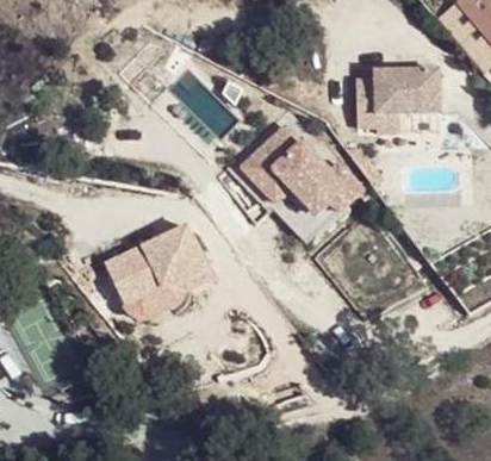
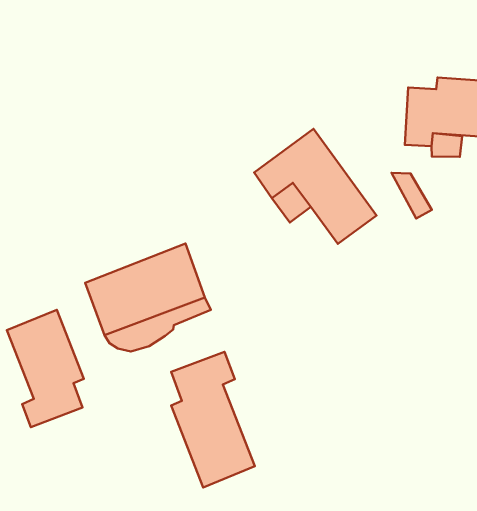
building: none -> [7,310,84,427]
building: none -> [171,352,255,487]

